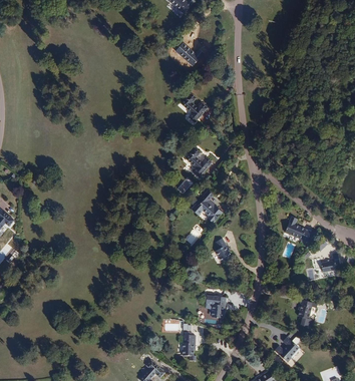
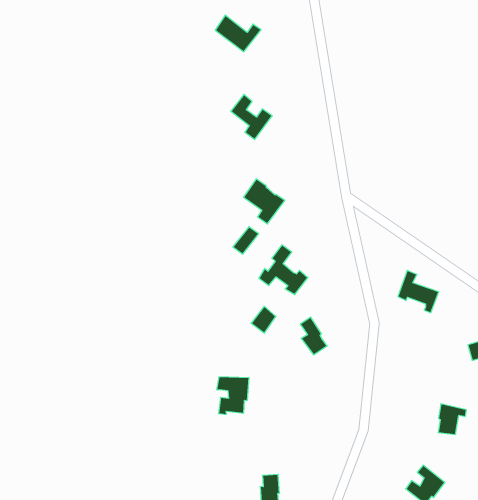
building: [207,296,228,320] -> [217,377,249,414]

